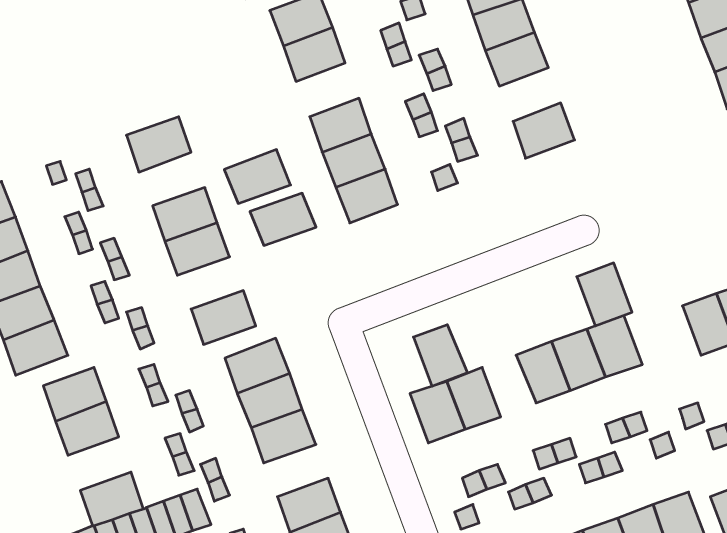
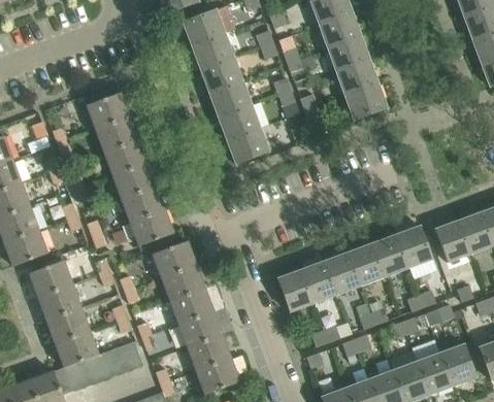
building: none -> [200,56,242,92]
building: none -> [336,59,377,95]
building: [224,150,291,203] -> [95,115,139,152]
building: [250,193,316,245] -> [121,186,165,221]
building: [577,263,632,326] -> [434,219,471,261]
building: [413,325,467,386] -> [325,252,361,293]
building: none -> [47,306,90,342]
building: none -> [178,311,222,346]

